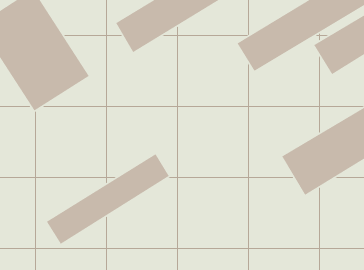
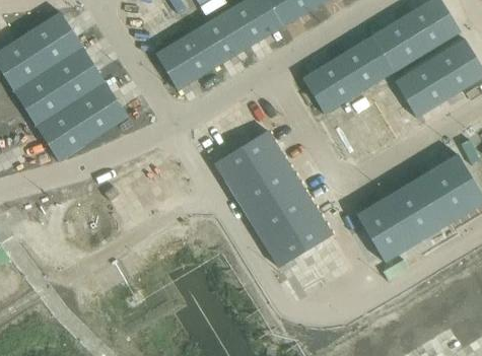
building: none -> [215,130,334,267]
building: [46,153,170,245] -> none

